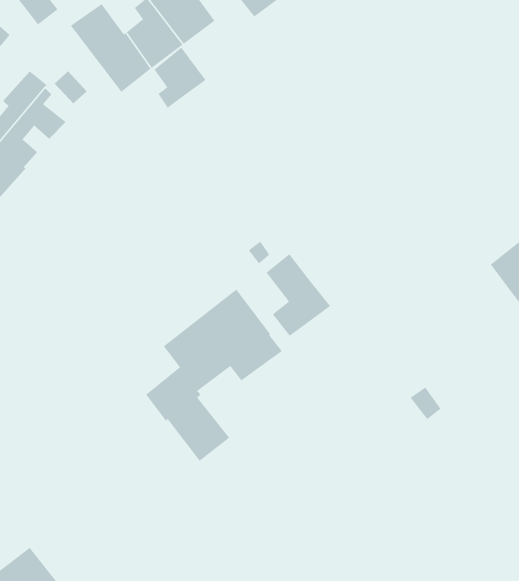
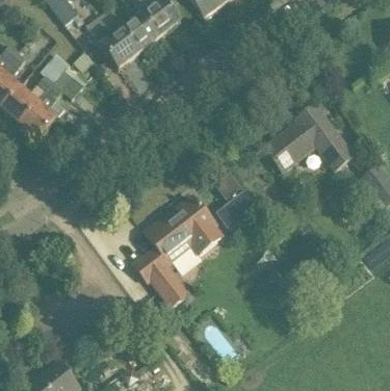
building: [154,47,207,109] -> none
building: none -> [263,102,355,171]

